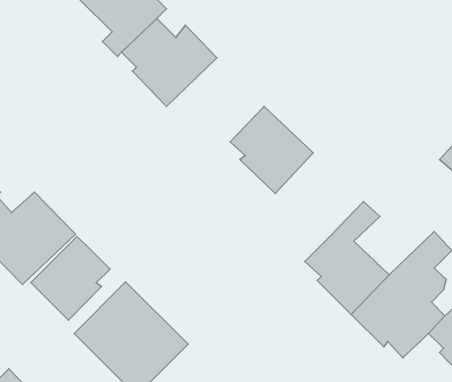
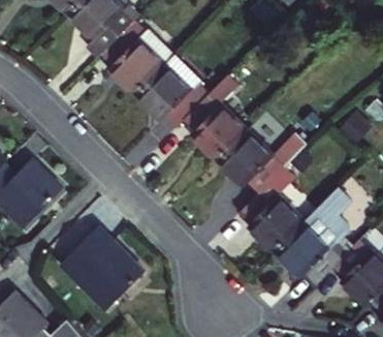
building: none -> [132,57,199,128]
building: none -> [215,129,304,193]
building: [31,236,110,320] -> none

